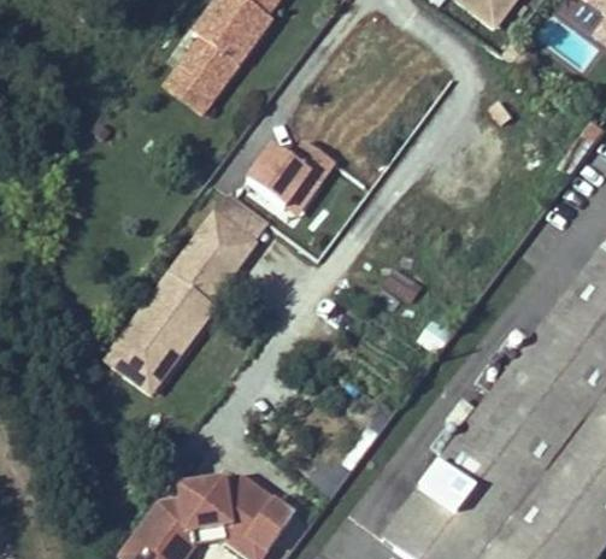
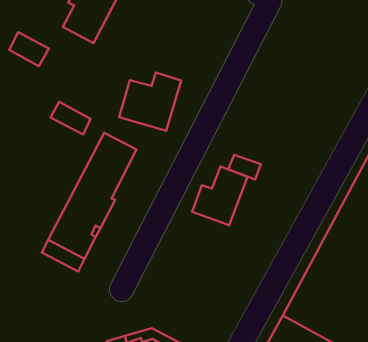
building: [169,59,222,108] -> [9,32,49,66]
building: [218,189,271,237] -> [51,102,91,134]
building: none -> [192,166,248,225]

